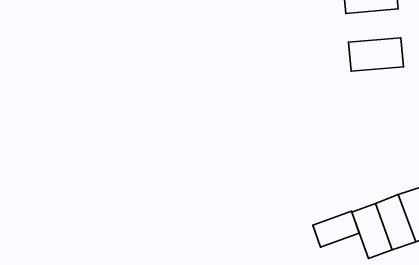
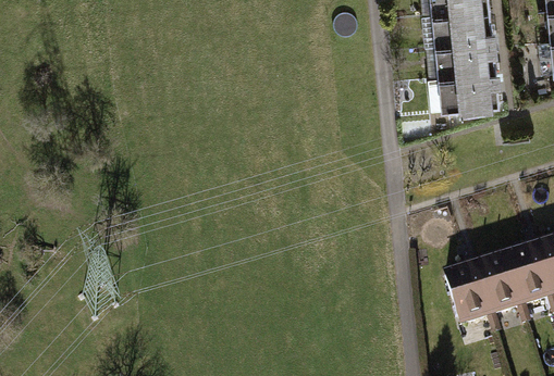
building: none -> [435,28,504,70]
building: [313,211,359,247] -> none

